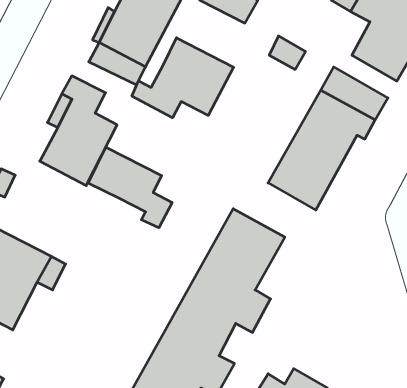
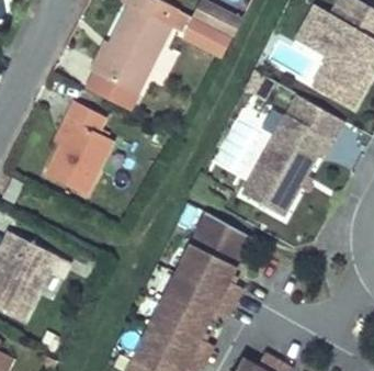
building: [132,38,234,118] -> none
building: [88,147,172,228] -> none

